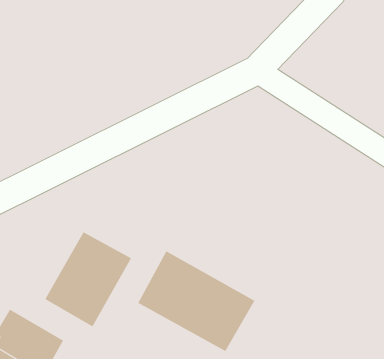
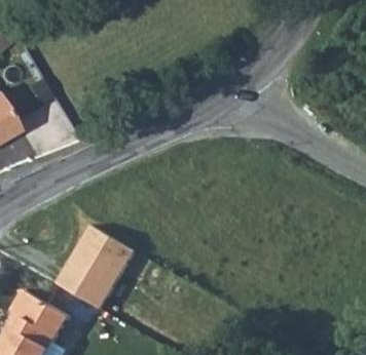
building: [138,251,255,352] -> none

